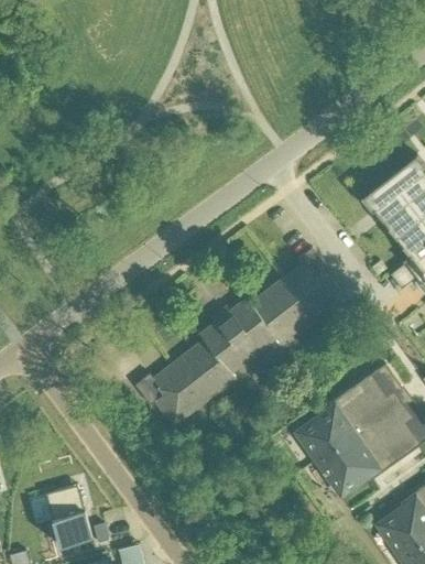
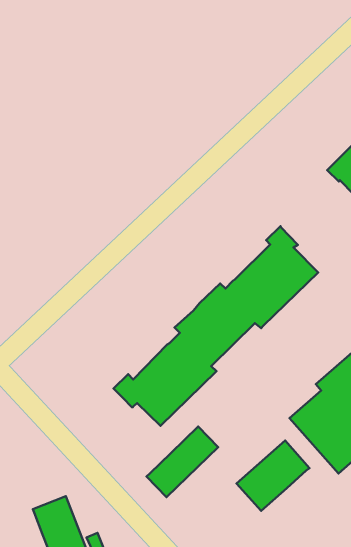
building: none -> [147,427,218,497]
building: none -> [237,441,309,511]

